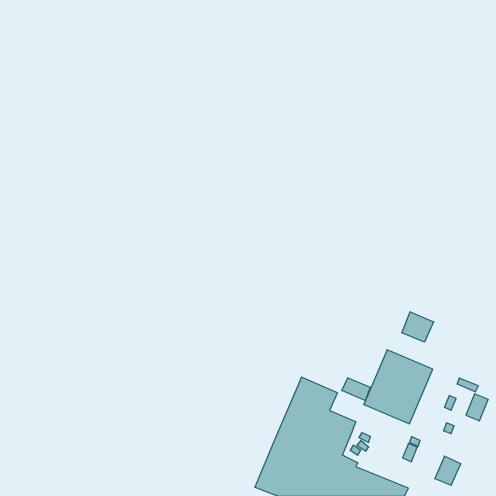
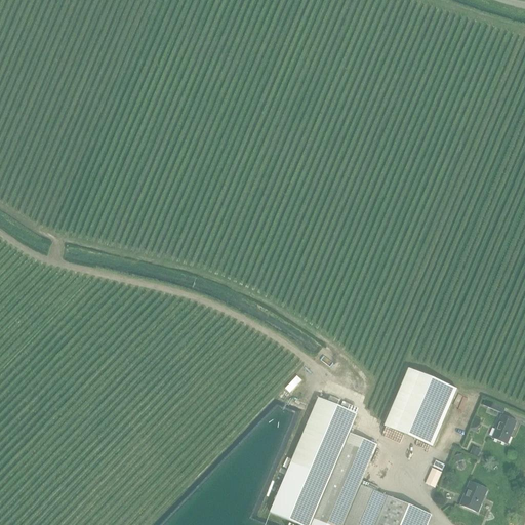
building: [402,312,434,342] -> none
building: [342,378,370,401] -> none

